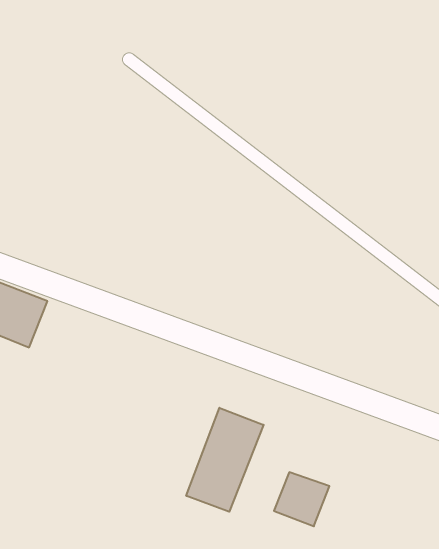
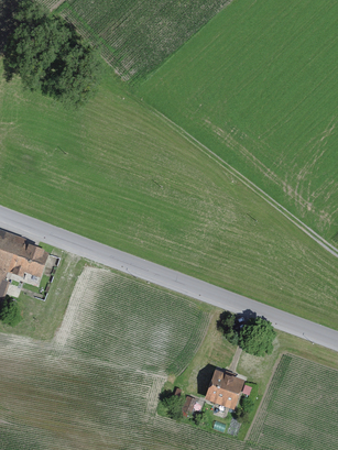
building: [186,408,264,512] -> none

